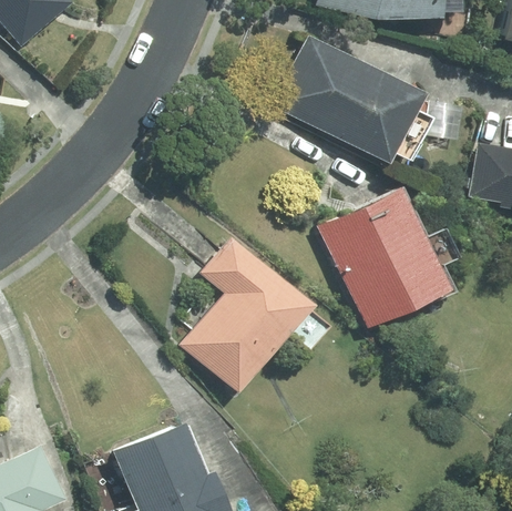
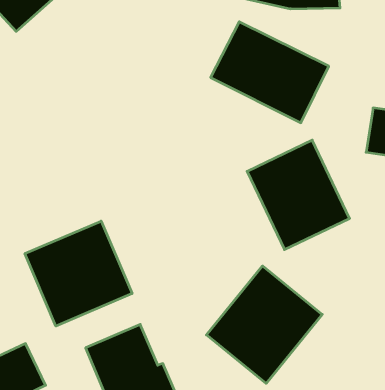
building: [184,237,310,392] -> none
building: none -> [25,221,132,326]
building: none -> [206,266,322,383]

